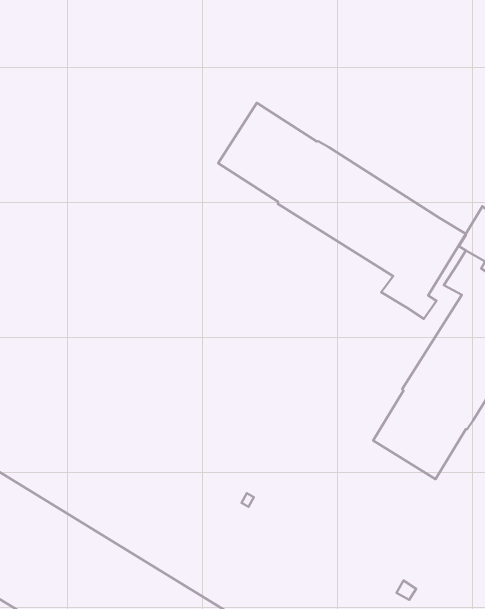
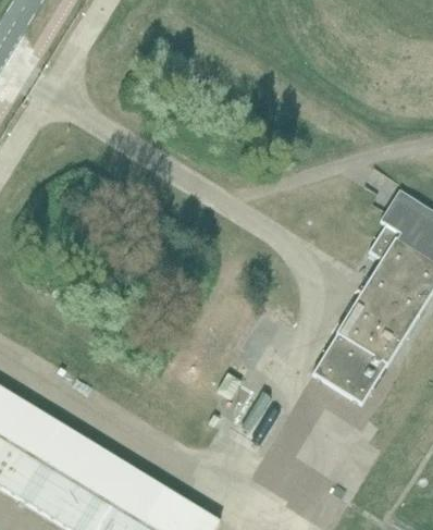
building: [218,103,466,319] -> none

